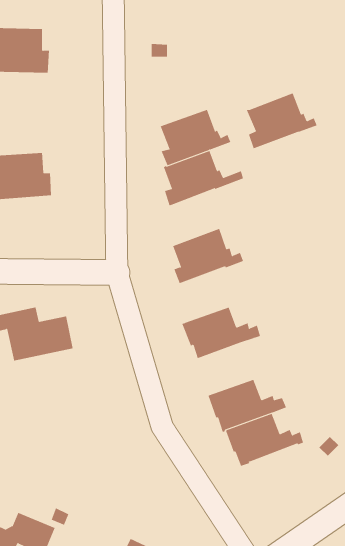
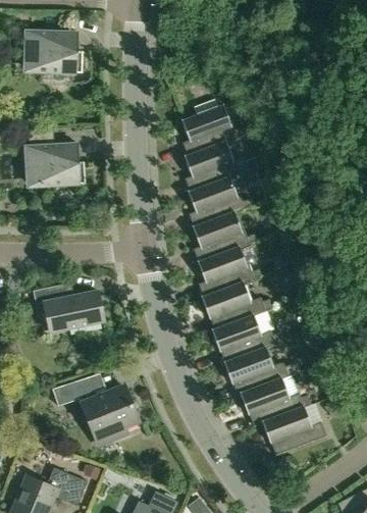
building: [246,92,317,149] -> [187,176,251,227]
building: none -> [197,247,260,297]
building: none -> [211,311,282,362]
building: none -> [52,377,138,444]
building: none -> [261,406,325,455]

